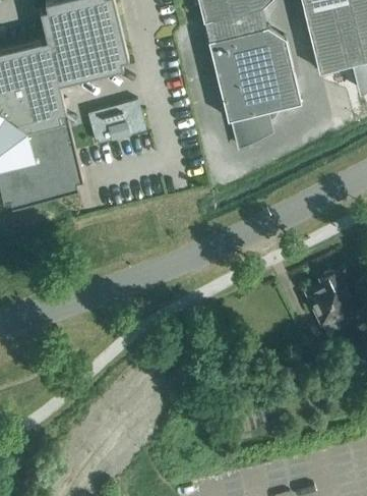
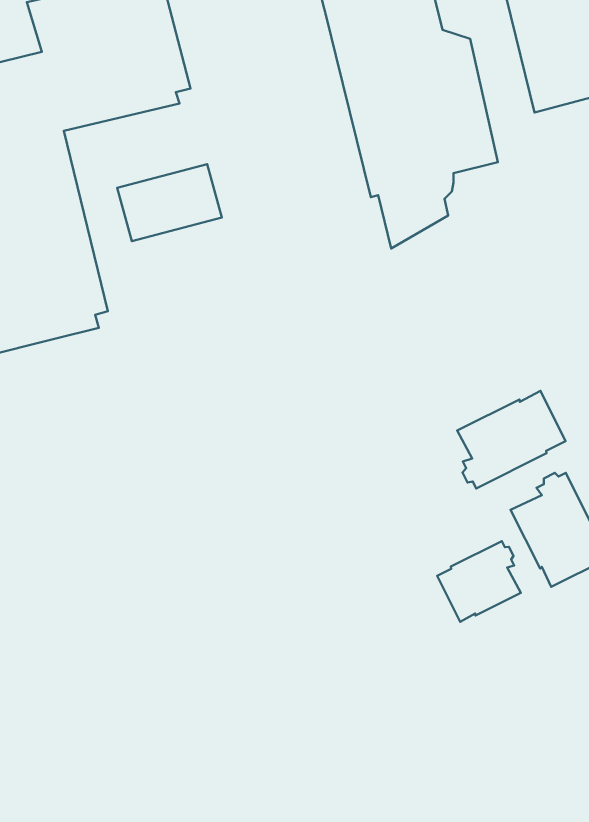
building: none -> [457,391,566,488]
building: none -> [437,541,521,622]

